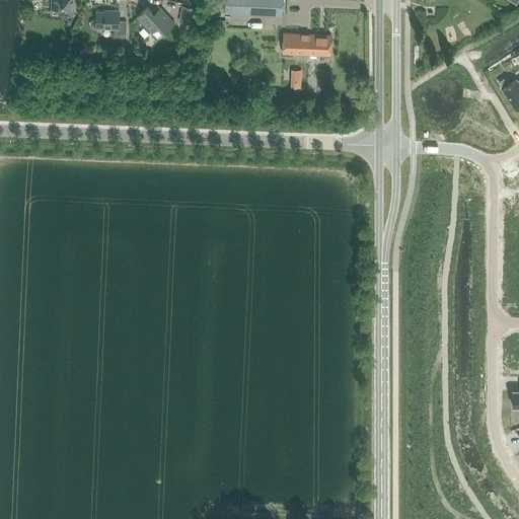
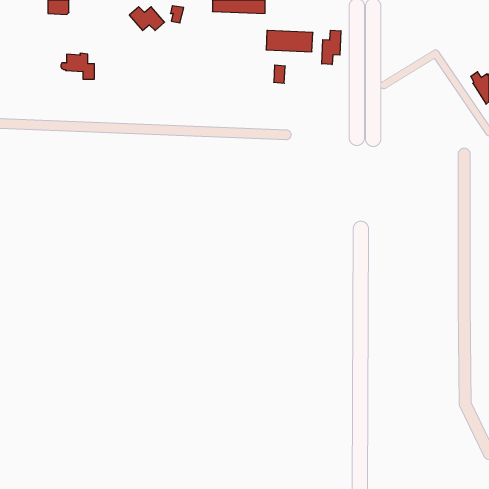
building: [90,10,126,38] -> [61,53,94,79]
building: none -> [322,30,341,65]

